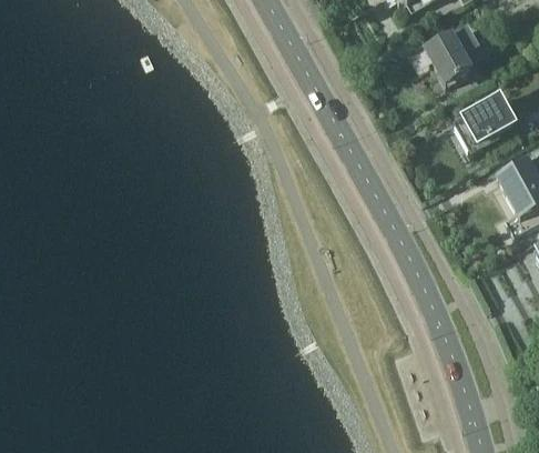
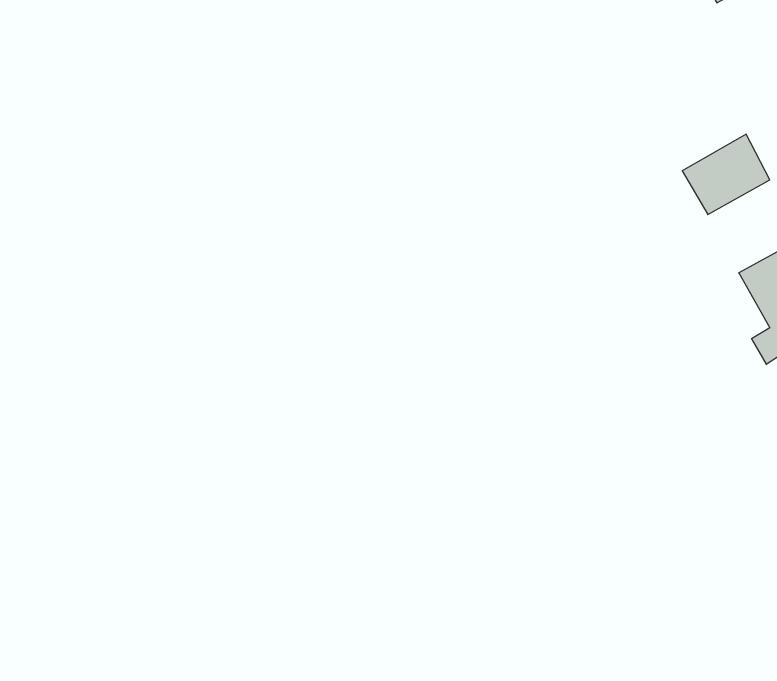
building: [425,30,472,81] -> none

